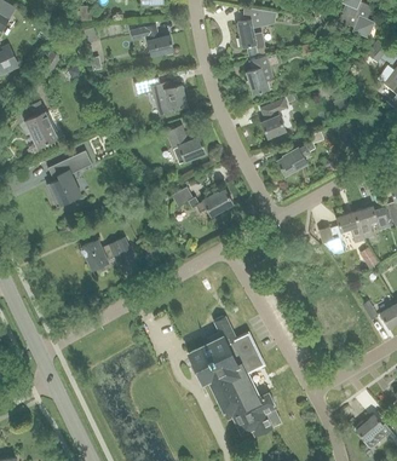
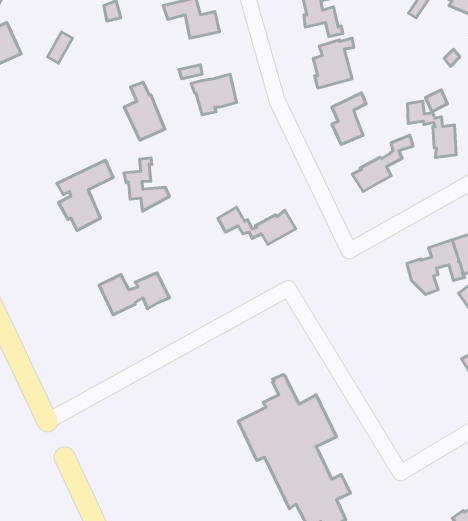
building: [24,102,56,146] -> [124,82,165,140]
building: none -> [408,101,456,158]
building: [166,125,206,163] -> none
building: none -> [124,158,170,211]

